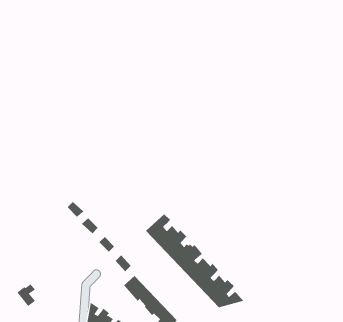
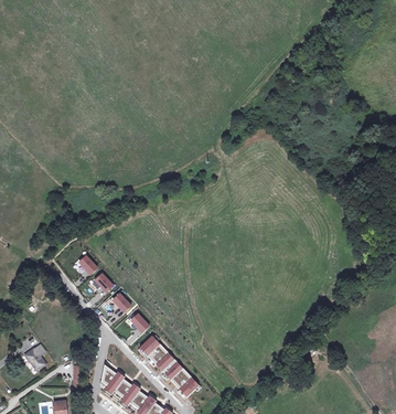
building: [145,213,244,308] -> none

